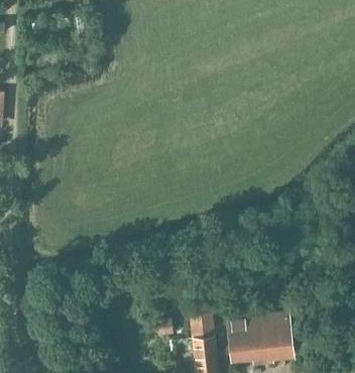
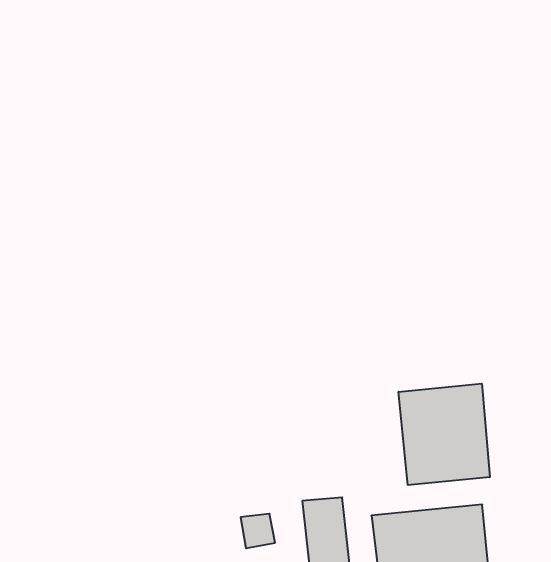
building: none -> [399,384,490,485]

